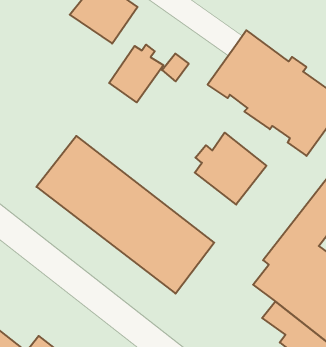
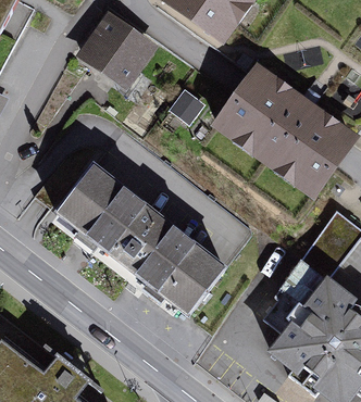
building: [109,45,163,102] -> none
building: [195,133,266,205] -> none

